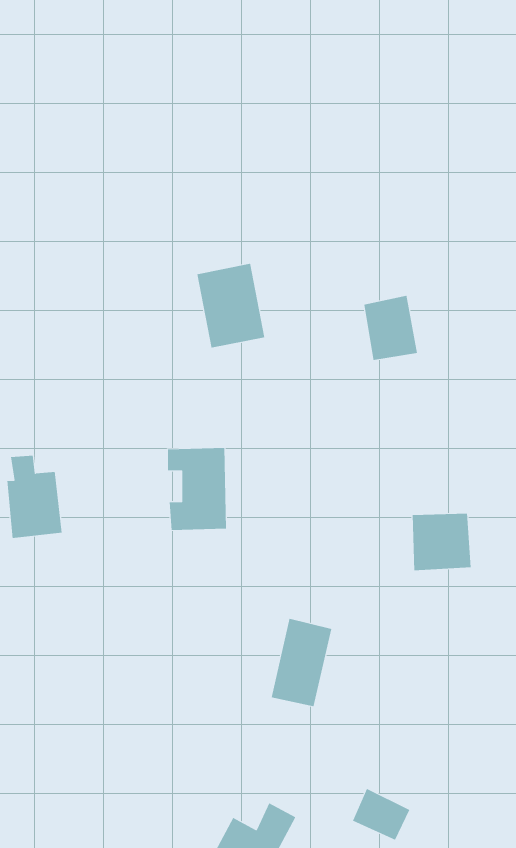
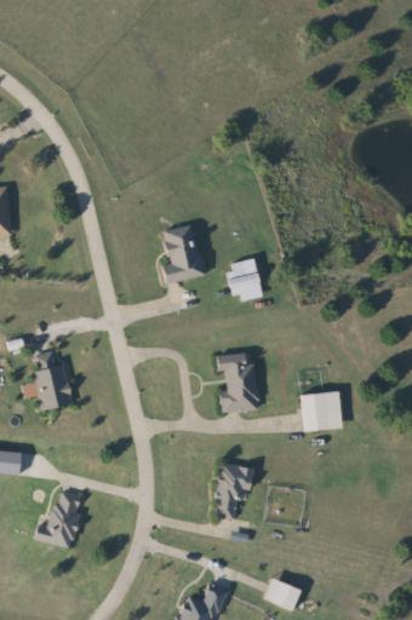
building: [364,295,418,360] -> [229,257,265,300]
building: [167,447,227,531] -> [218,355,258,411]
building: none -> [35,489,85,547]

